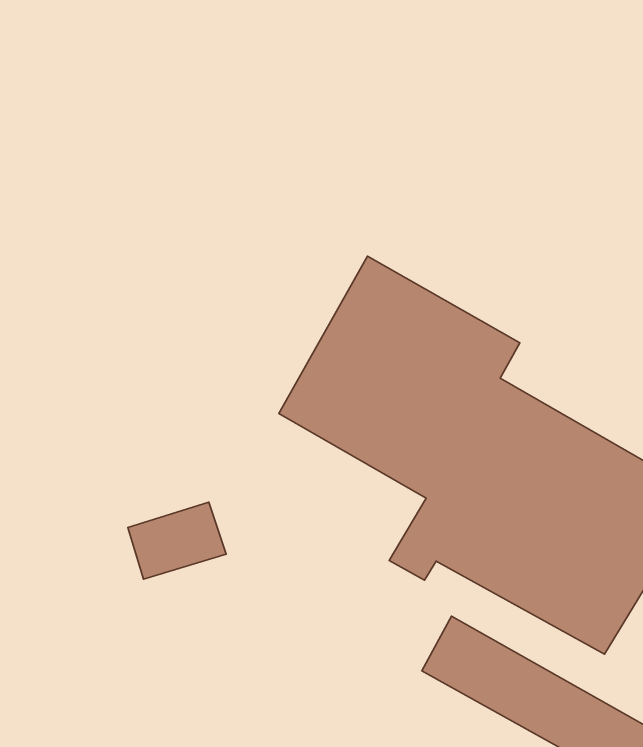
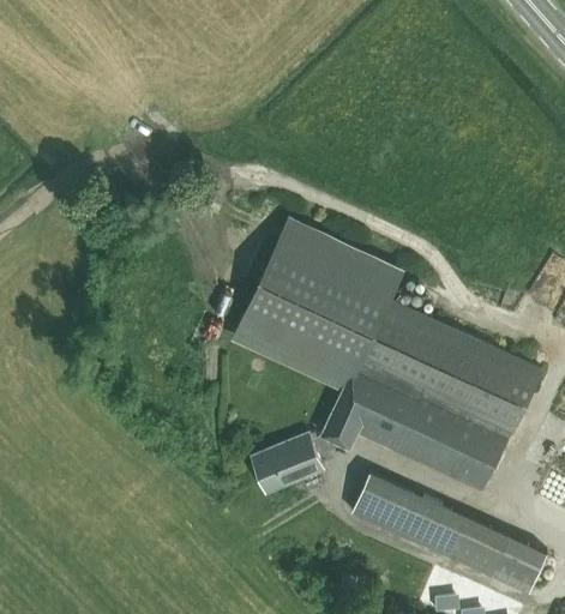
building: [128,502,226,579] -> [251,434,323,493]

